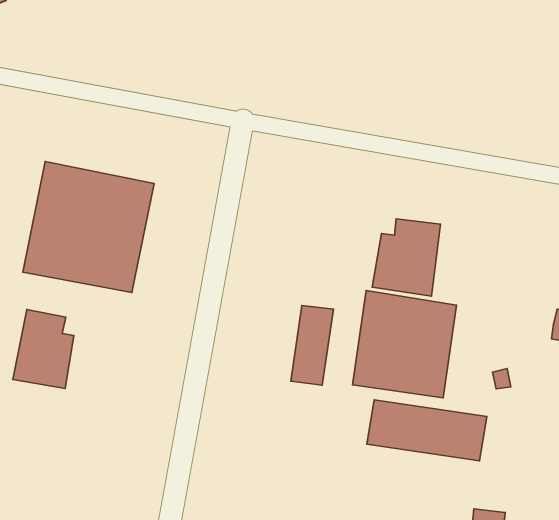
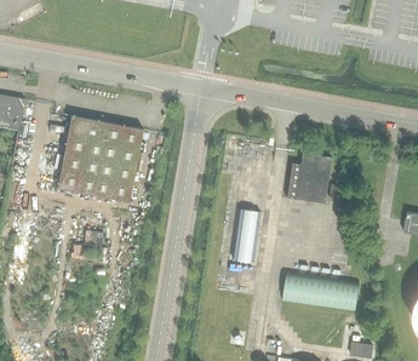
building: [352,291,457,398] -> none
building: [13,309,74,388] -> none

